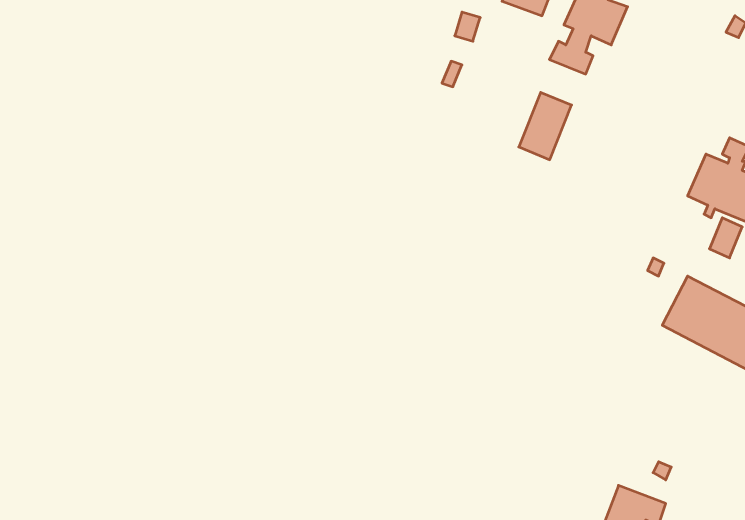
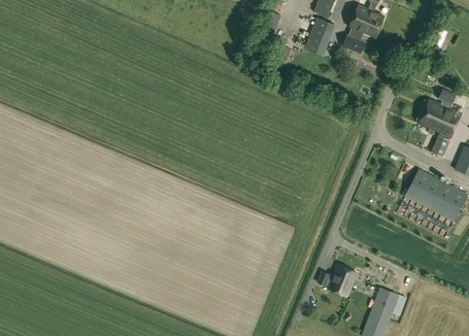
building: [519,92,572,160] -> [304,18,334,56]
building: none -> [316,265,357,297]

